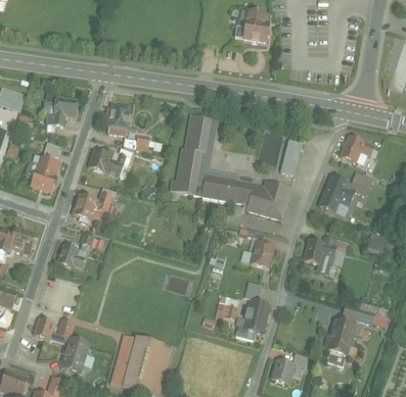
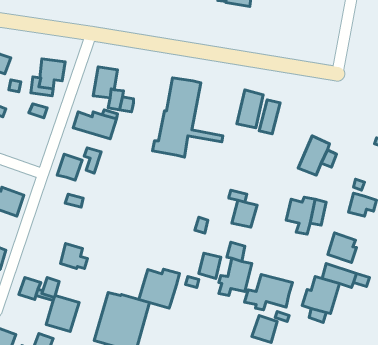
building: [337,134,375,163] -> none
building: [30,154,60,193] -> none
building: [346,172,372,197] -> none
building: [200,175,292,221] -> none
building: [56,243,84,268] -> [60,243,87,269]
building: none -> [328,233,357,262]
building: none -> [139,269,180,308]
building: none -> [245,275,293,310]

